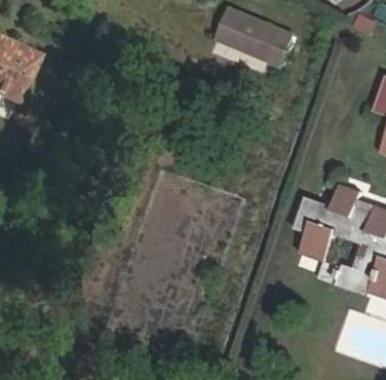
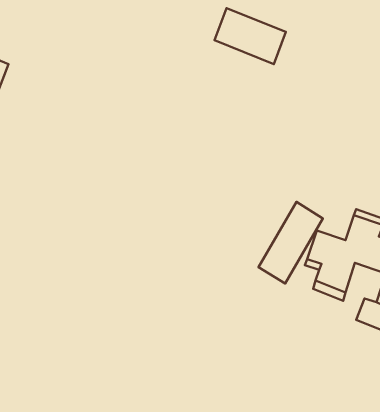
building: none -> [259,202,323,284]

